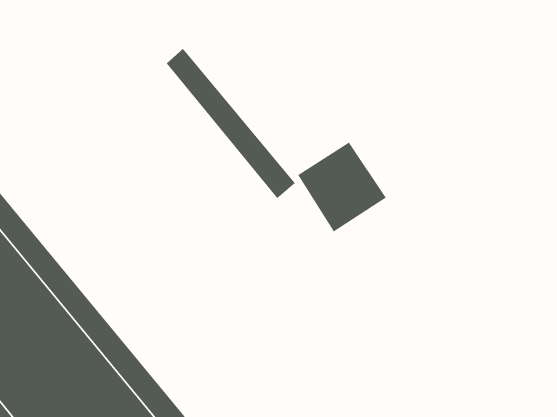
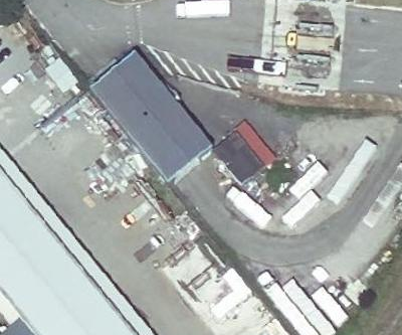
building: none -> [89,65,199,185]

